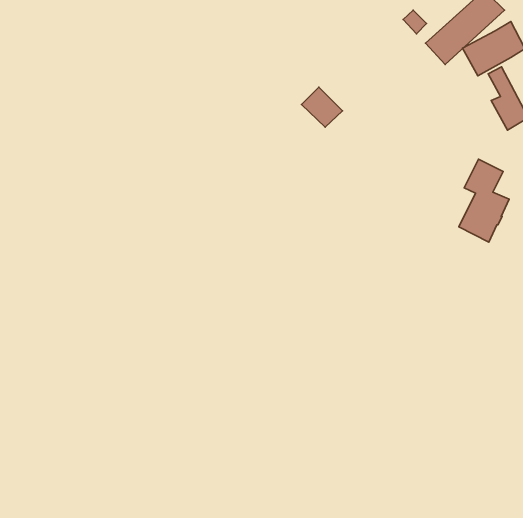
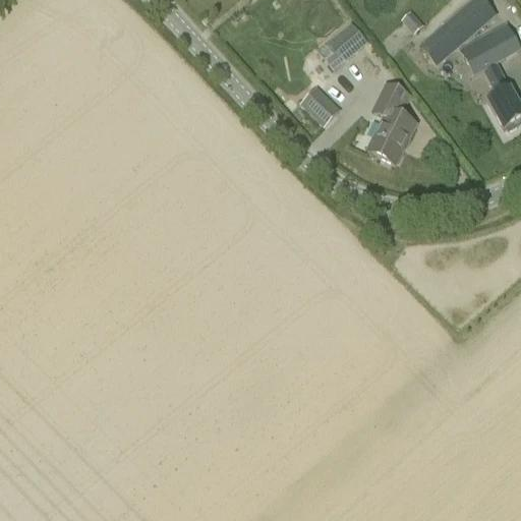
building: none -> [316,21,367,70]
building: [459,159,509,242] -> [367,83,417,166]

